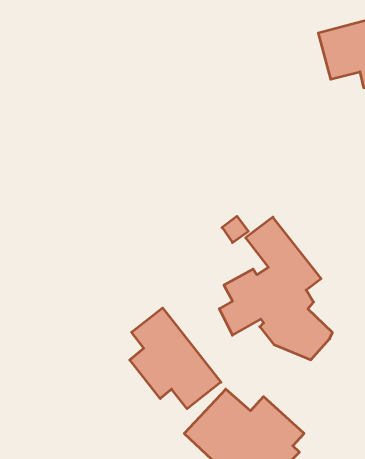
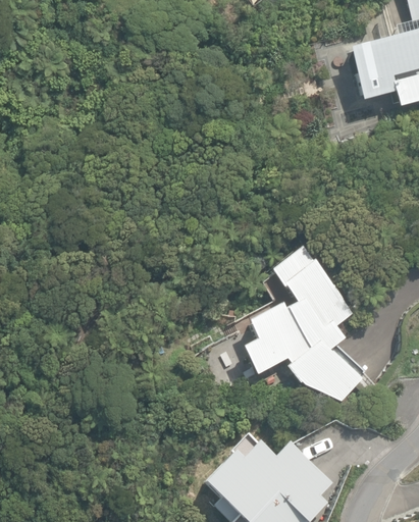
building: [130,308,221,409] -> none

